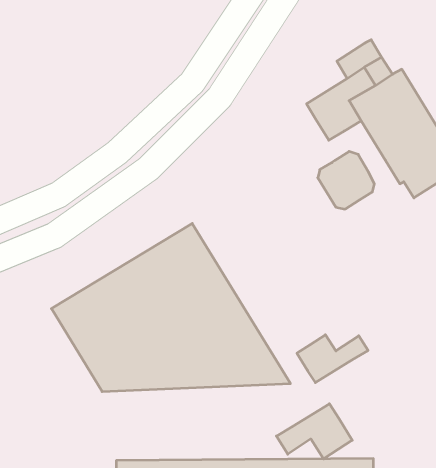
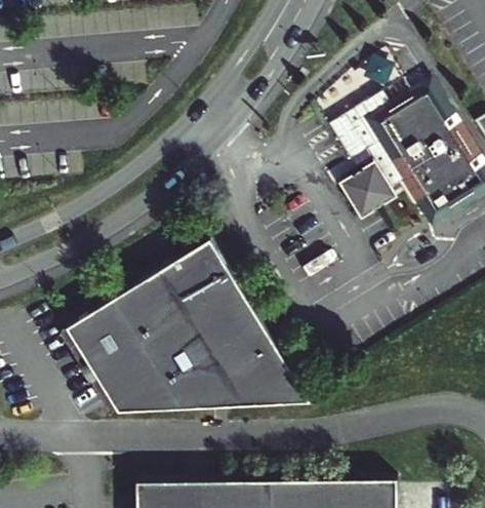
building: none -> [364,139,406,190]
building: [297,335,368,383] -> none
building: [276,404,352,459] -> none

